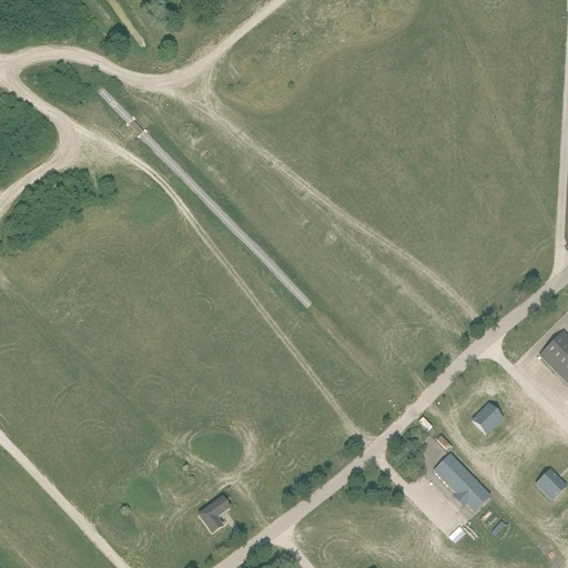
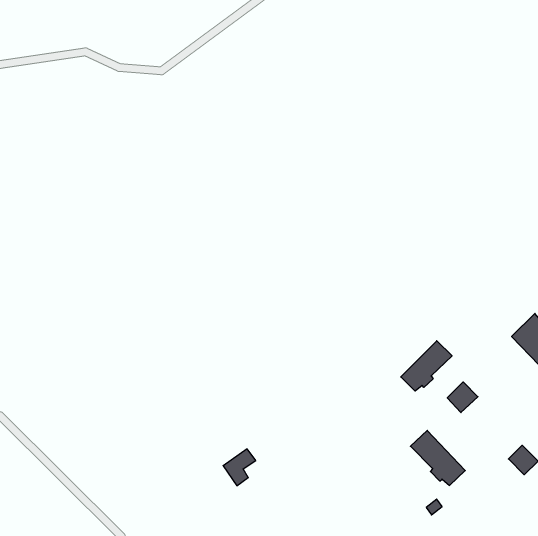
building: none -> [401,341,452,391]
building: [196,495,231,534] -> [223,449,256,486]

